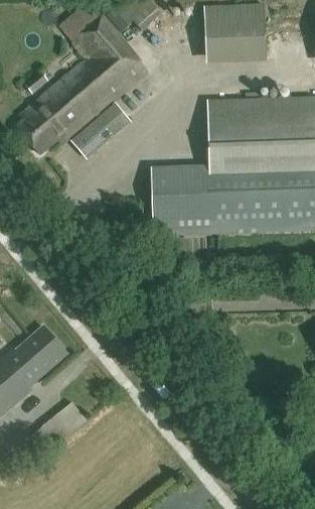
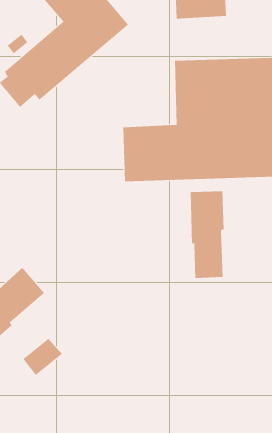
building: [70,102,130,159] -> none
building: none -> [190,191,224,279]

